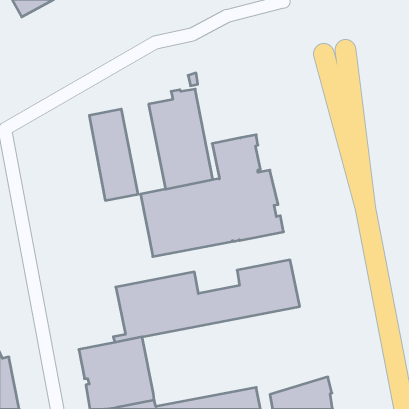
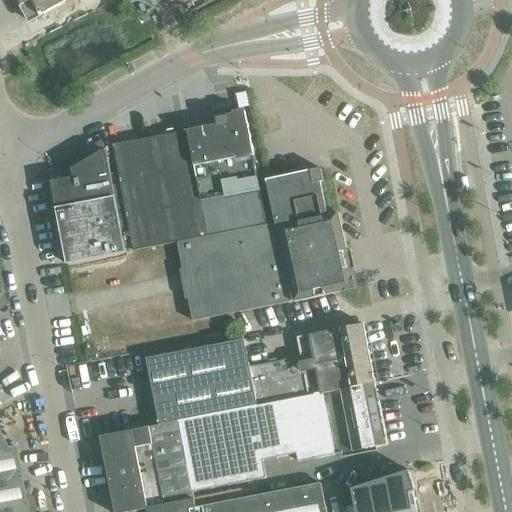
building: none -> [151,130,206,242]
building: none -> [49,150,124,263]
building: none -> [177,382,385,491]

